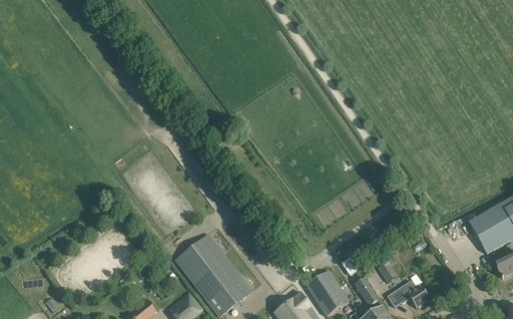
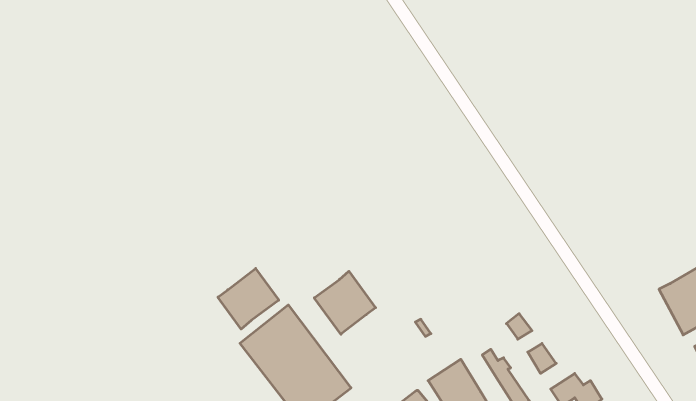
building: none -> [218,268,279,329]
building: none -> [314,271,376,334]

